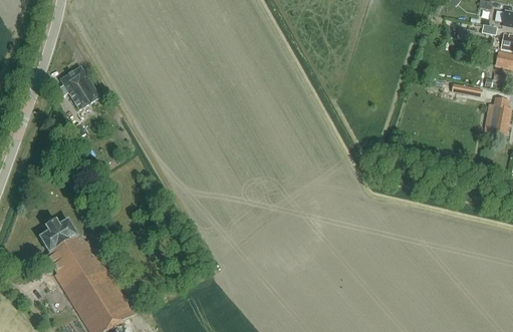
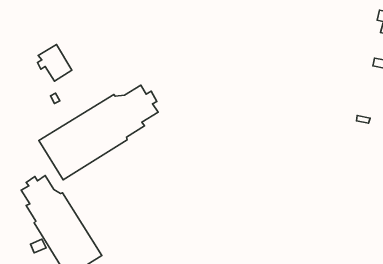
building: none -> [39,85,158,180]

